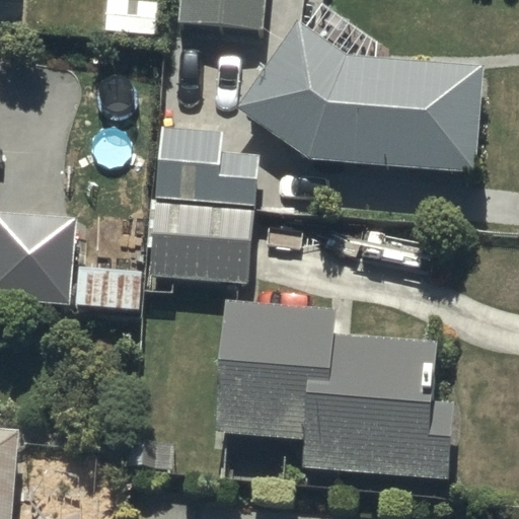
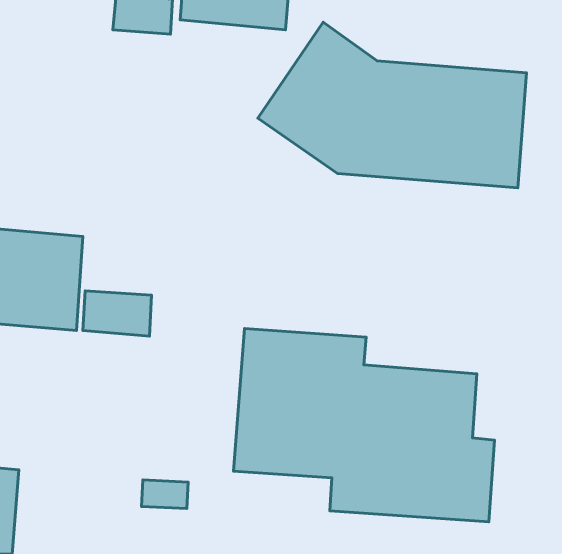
building: [156,126,258,204] -> none
building: [149,203,252,282] -> none

